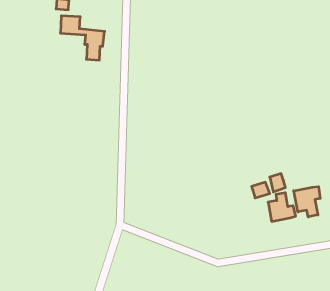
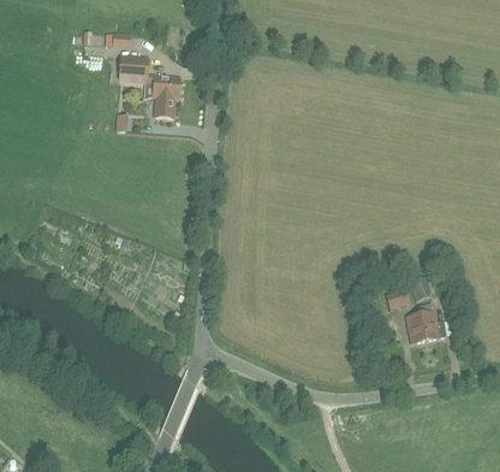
building: [294,187,320,217] -> none

